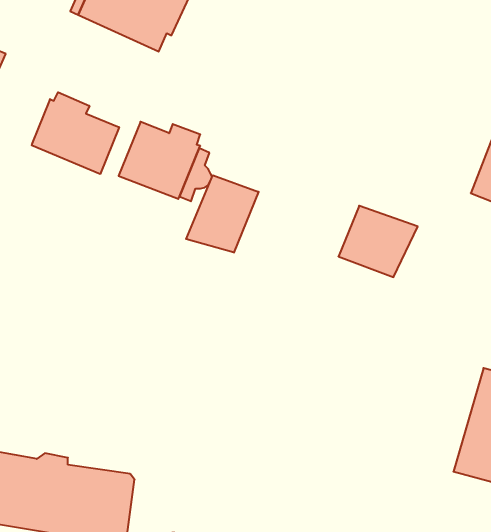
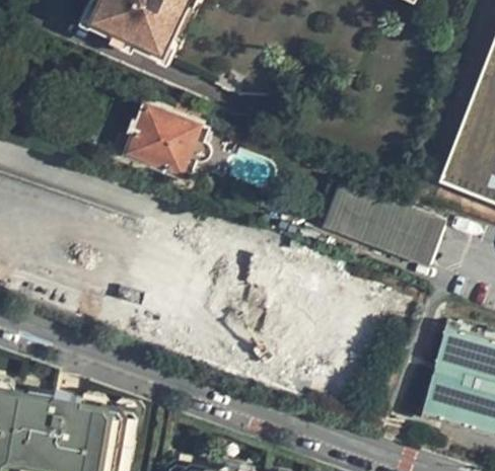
building: [32,92,119,174] -> none
building: [186,175,259,253] -> none
building: none -> [370,201,445,266]

